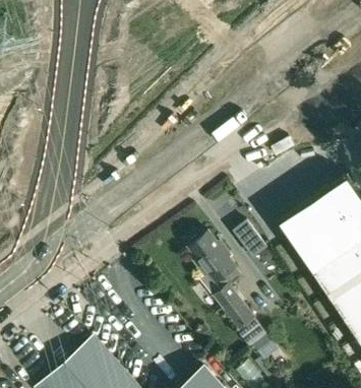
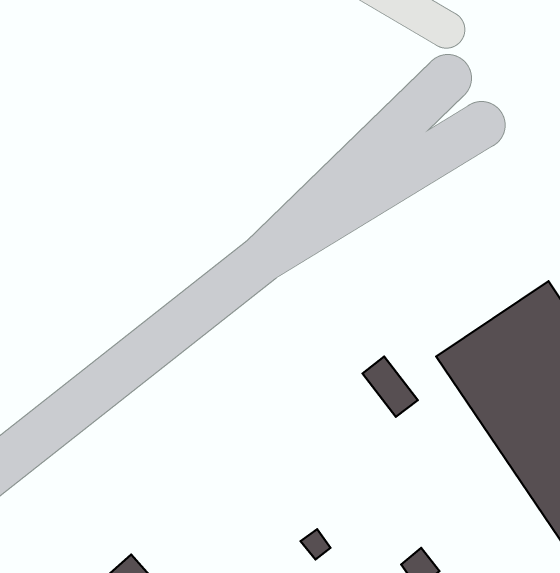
building: [187,232,253,329] -> none

